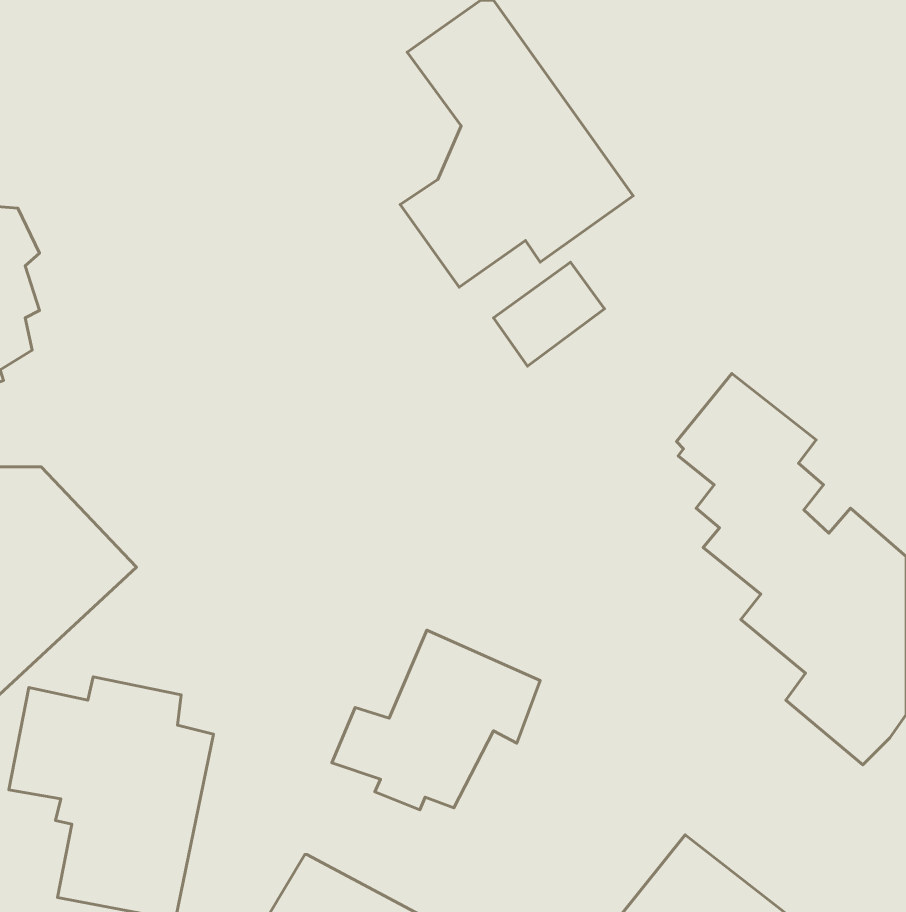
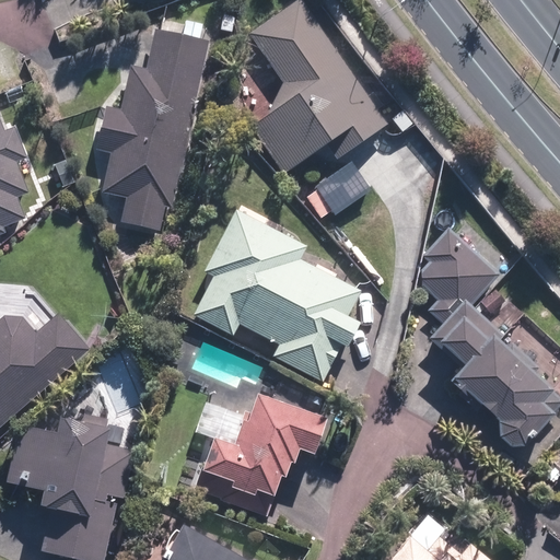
building: none -> [91,28,210,231]
building: none -> [190,207,363,388]

